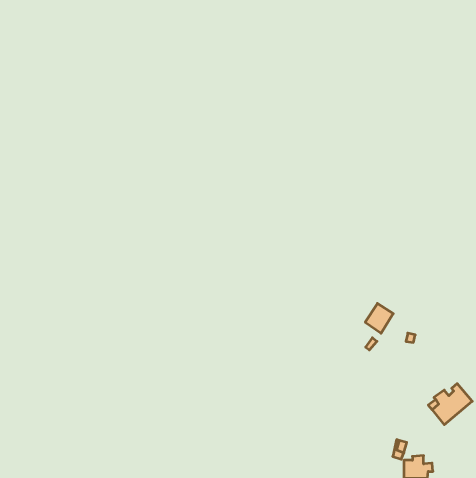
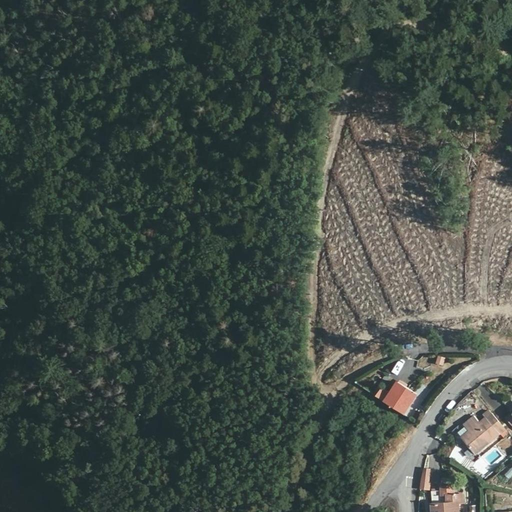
building: [365,303,393,333] -> [386,383,416,415]

